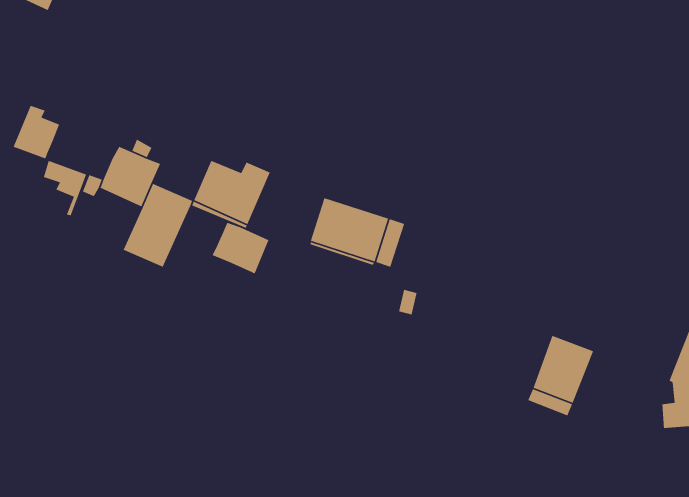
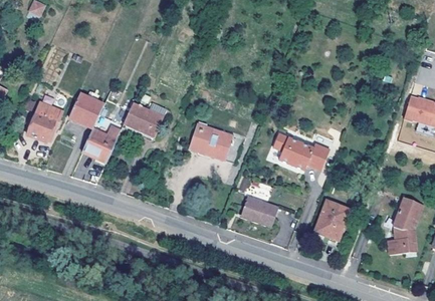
building: [12,105,60,160] -> [27,111,54,142]
building: none -> [273,132,331,169]
building: [211,222,270,274] -> none
building: none -> [243,196,279,227]

